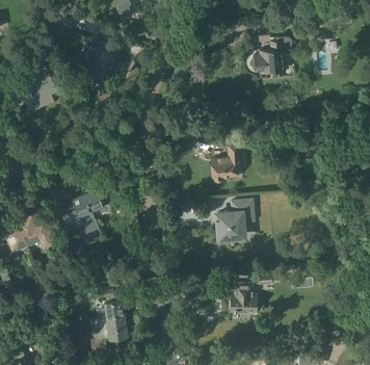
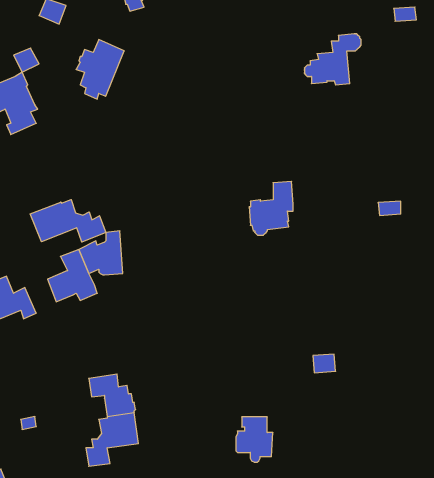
building: none -> [30,200,106,242]
building: [217,200,254,240] -> none
building: [230,284,257,317] -> [236,417,273,462]

